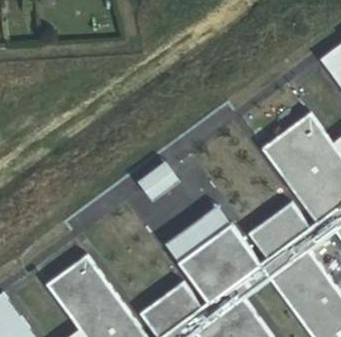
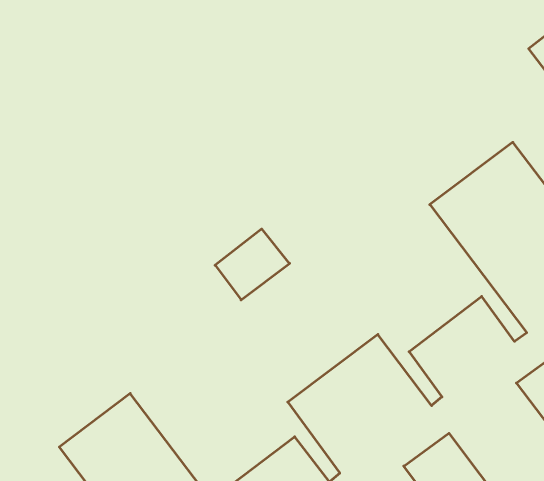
building: [163,205,230,262] -> none

